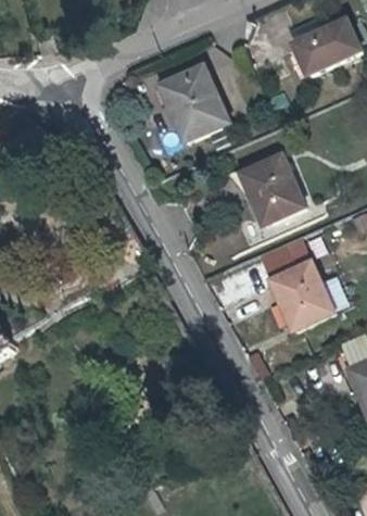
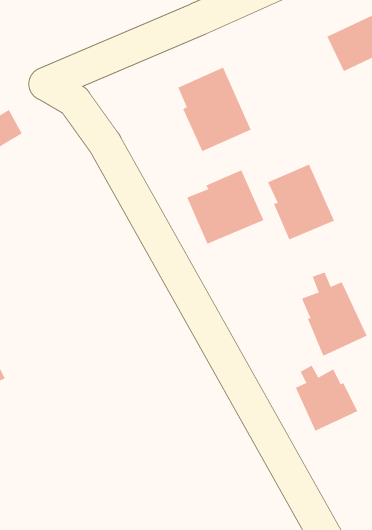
building: none -> [187,170,264,244]
building: none -> [295,365,358,432]

